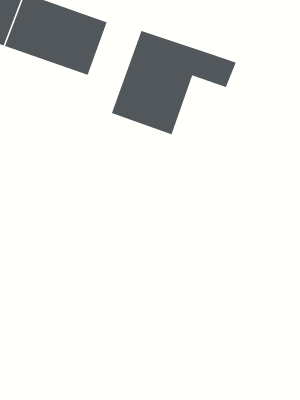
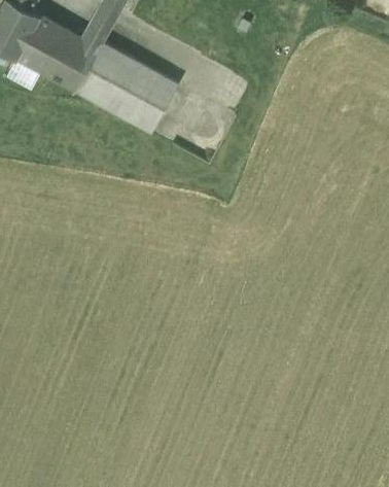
building: [111,30,236,135] -> none

